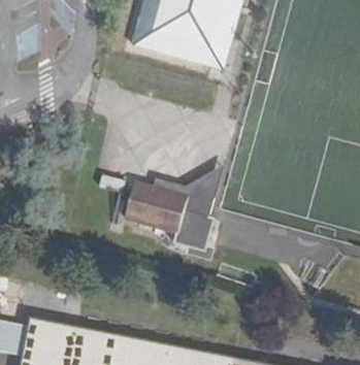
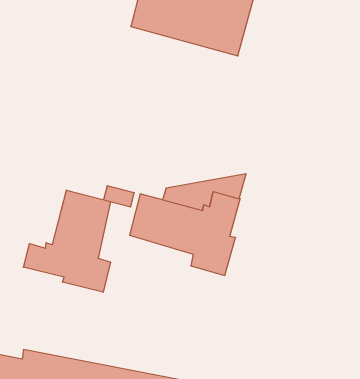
building: none -> [23,190,110,292]

